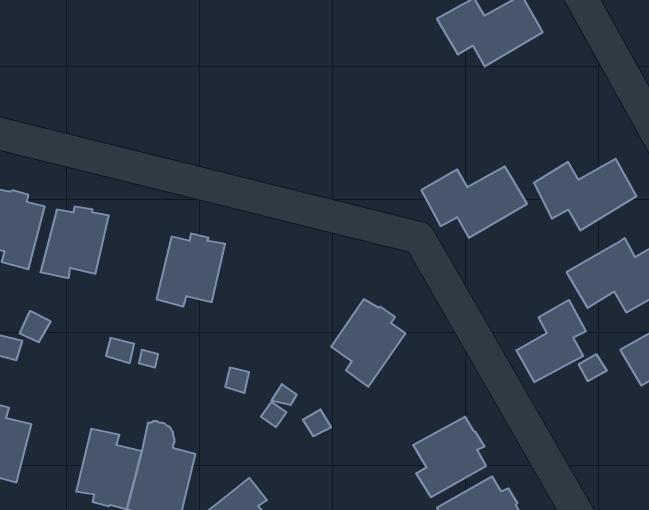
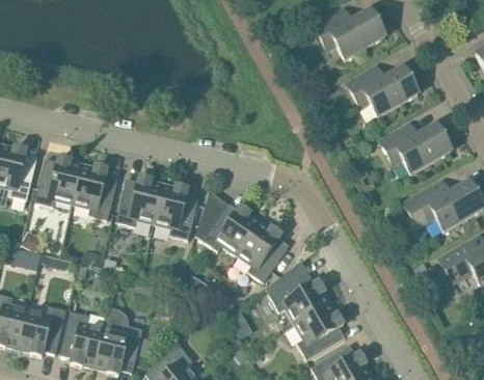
building: [421,166,527,238] -> [345,65,419,115]
building: none -> [74,162,118,219]
building: none -> [155,182,199,239]
building: none -> [196,198,261,253]
building: [516,300,586,382] -> none
building: none -> [267,262,331,322]
building: none -> [19,304,66,354]

